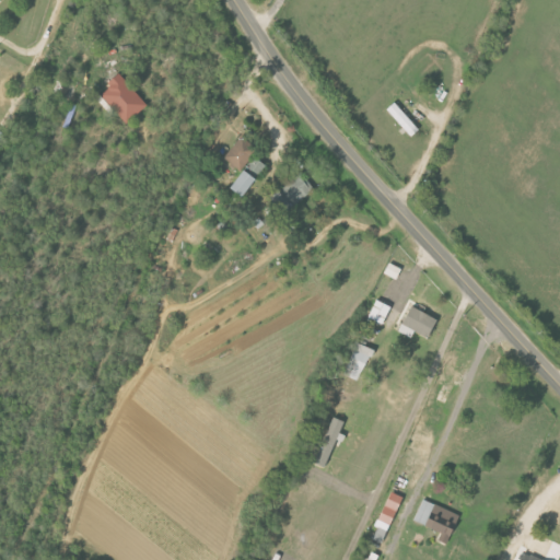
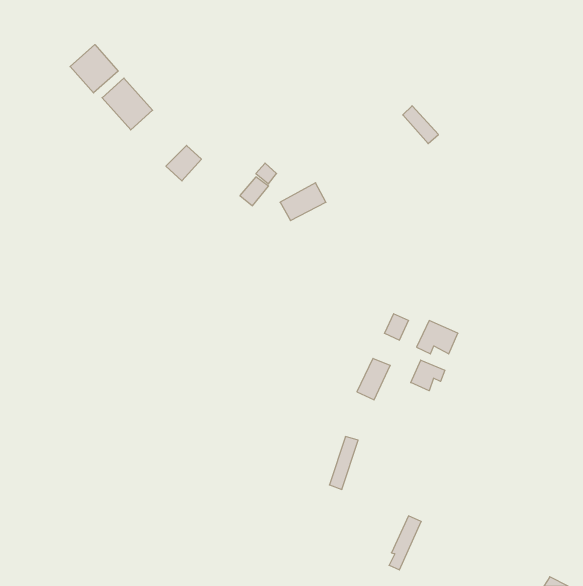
building: none -> [70,45,118,93]
building: [221,136,255,170] -> [166,145,201,181]
building: none -> [411,360,445,391]
building: [412,498,459,542] -> none

